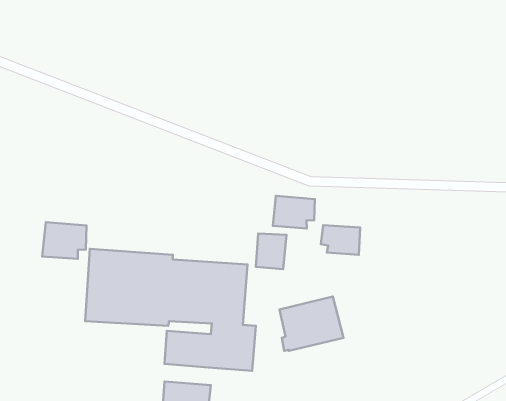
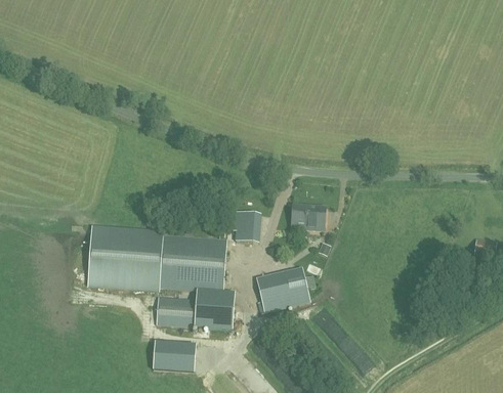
building: [273,196,315,228] -> none
building: [42,222,87,259] -> none

